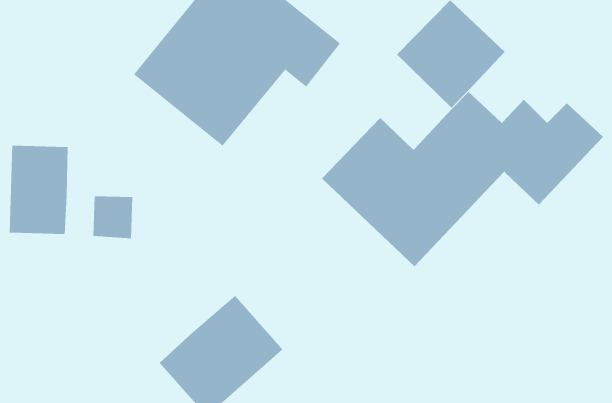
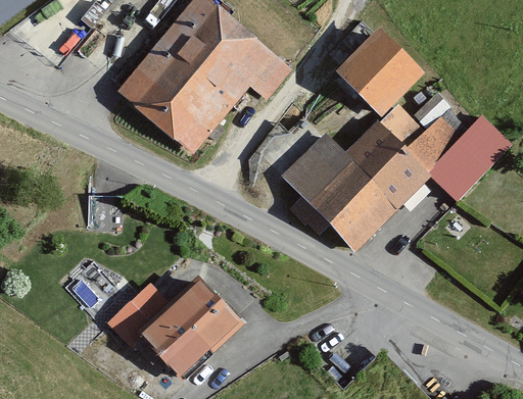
building: [9,145,68,235] -> none
building: none -> [103,283,168,345]

